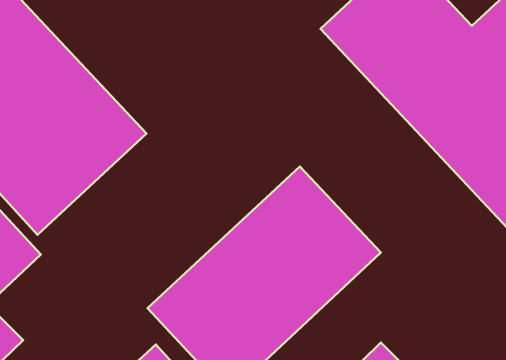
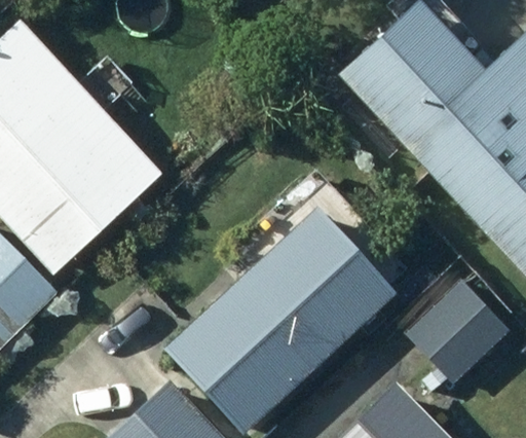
building: none -> [407,280,512,393]

